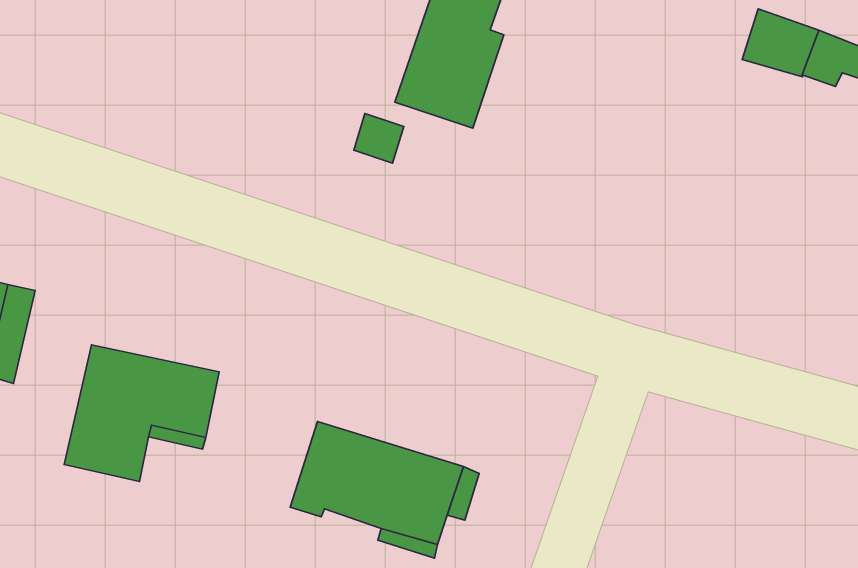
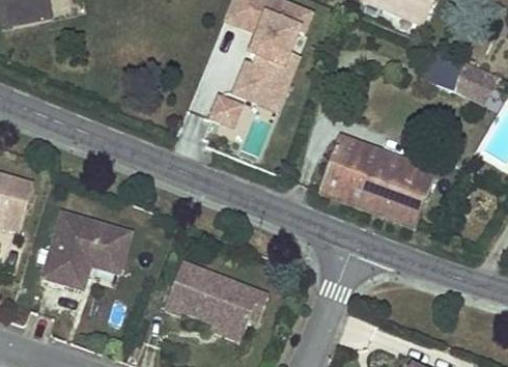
building: none -> [320,137,434,226]

